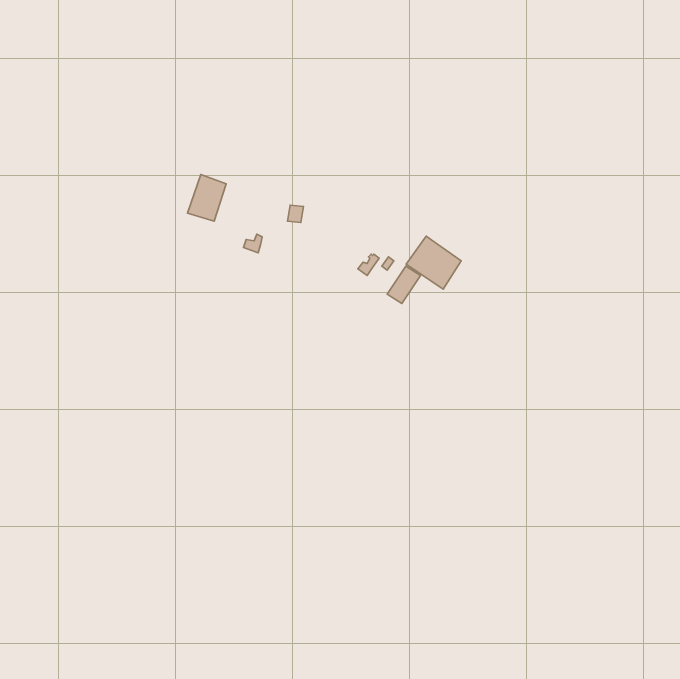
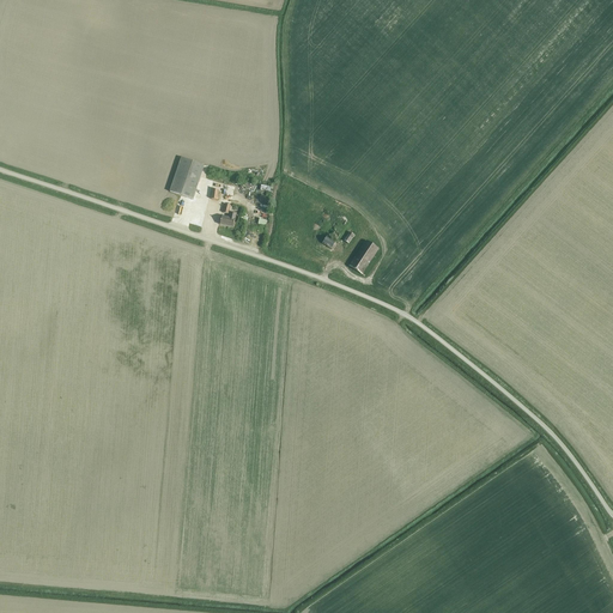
building: [406,236,461,289] -> none

